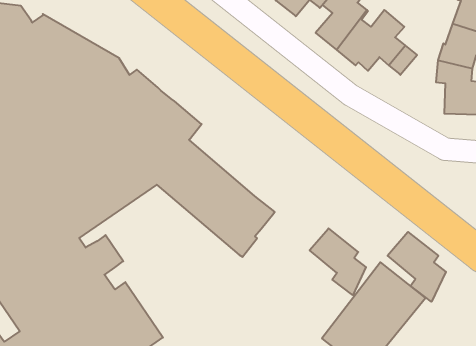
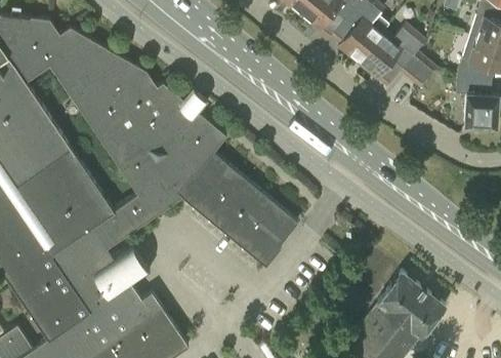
building: [310,228,366,295] -> none
building: [388,232,446,302] -> none

